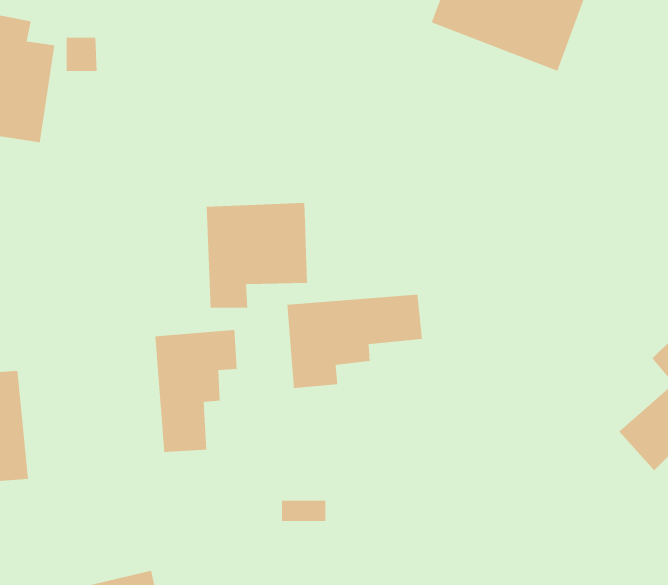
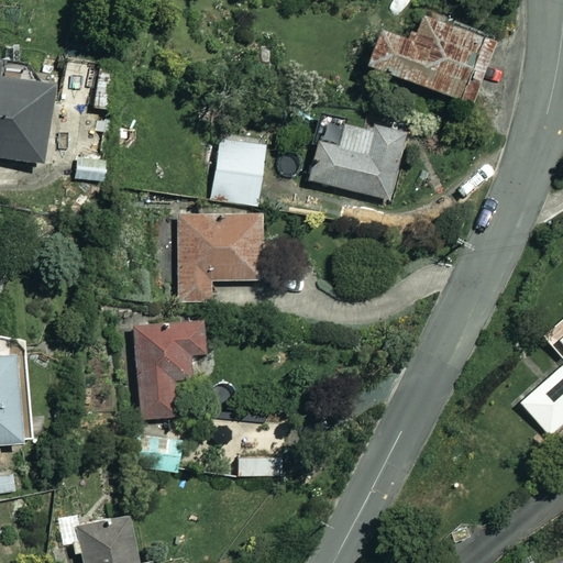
building: none -> [308,117,405,199]
building: none -> [212,139,265,205]
building: [287,294,422,389] -> none

